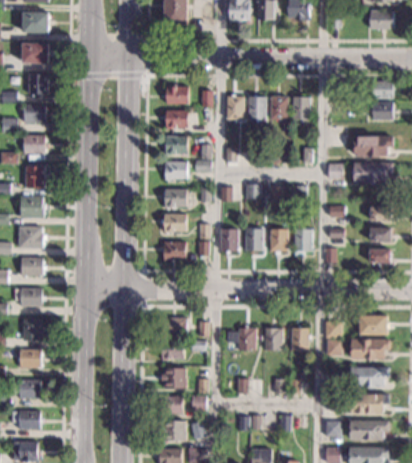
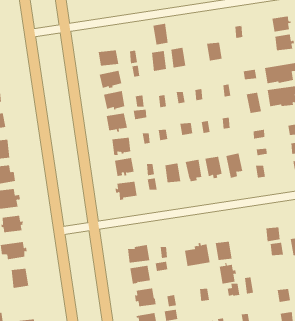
building: [271,96,287,119] -> [152,23,168,45]
building: [291,325,310,349] -> [219,262,237,284]
building: [21,350,46,369] -> none

